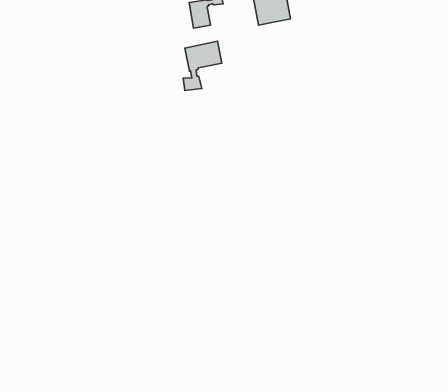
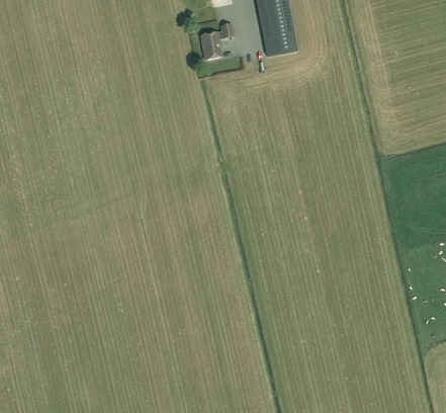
building: [183,41,222,91] -> none

